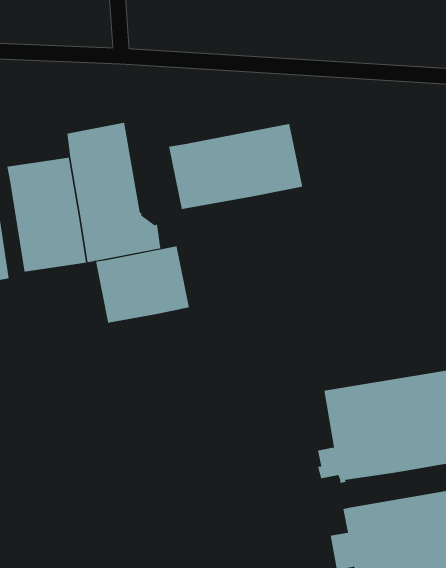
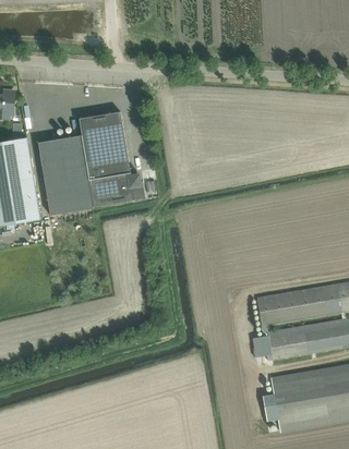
building: [168,123,303,210] -> none
building: [95,246,189,323] -> none

